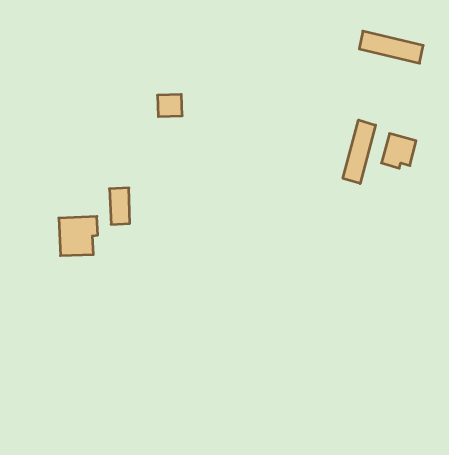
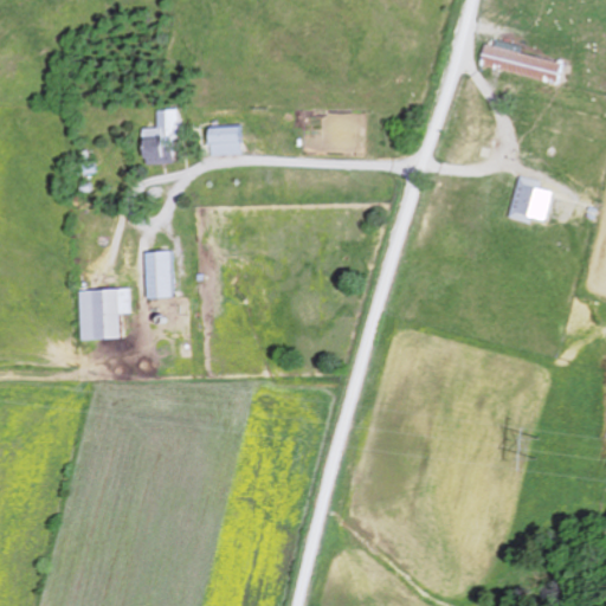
building: none -> [144,109,176,163]
building: [343,120,376,184] -> none

